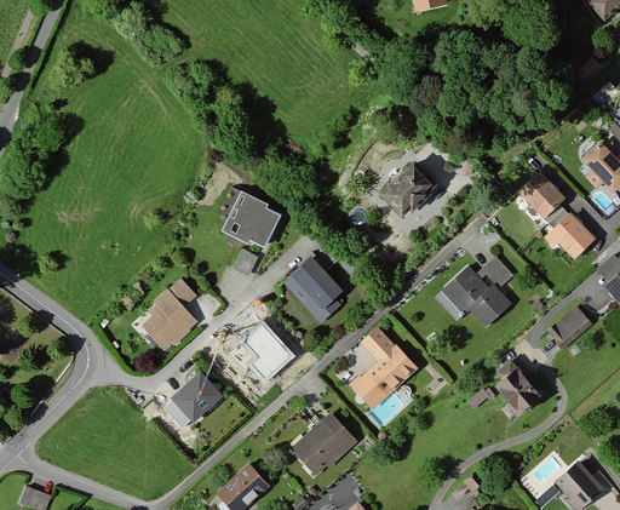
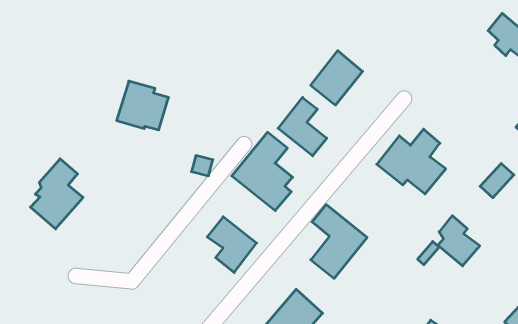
building: [519,172,598,260] -> none
building: [218,189,279,247] -> [117,81,169,130]
building: none -> [278,97,327,156]
building: [140,276,200,353] -> [30,159,83,229]
building: [168,369,222,423] -> none

